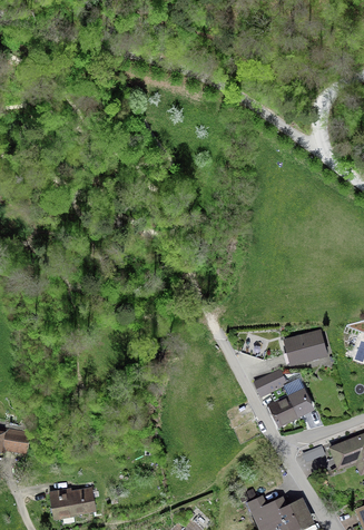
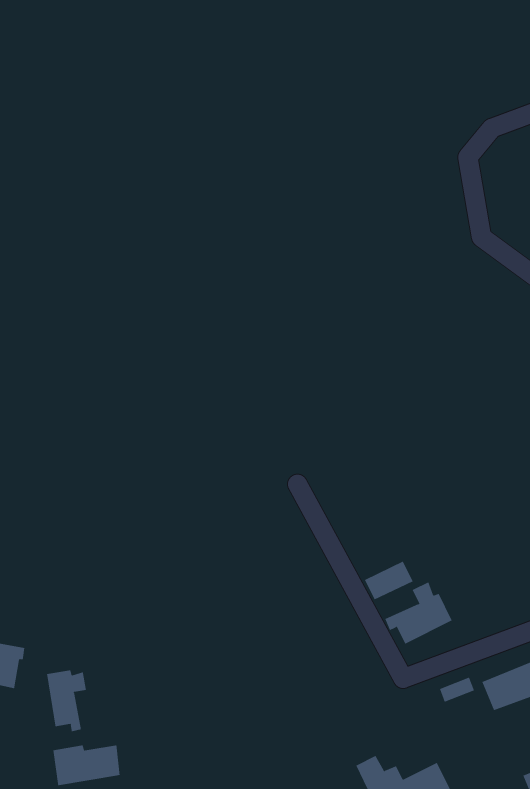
building: [284,332,325,363] -> none
building: none -> [47,669,86,732]

